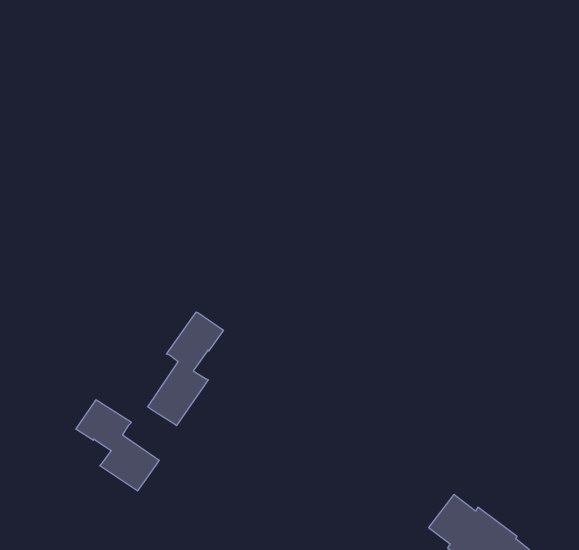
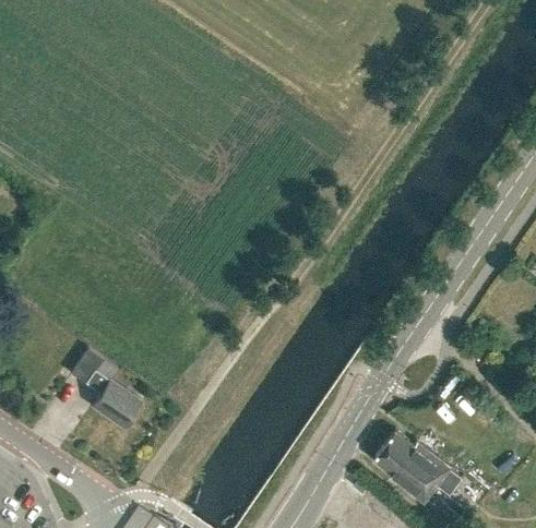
building: [148,312,223,426] -> none

